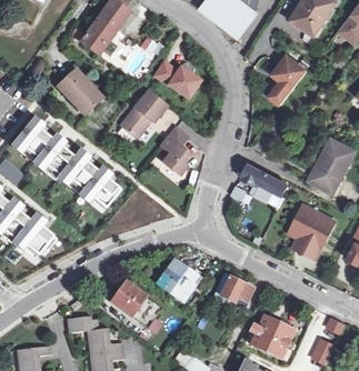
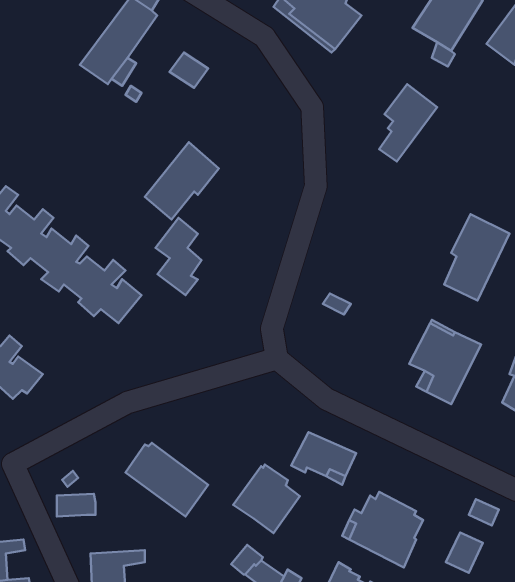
building: [157,62,201,99] -> none
building: [62,70,104,116] -> none
building: [163,128,192,177] -> [156,218,201,295]
building: [242,163,288,199] -> none
building: [158,258,200,301] -> [233,464,300,533]
building: [86,325,122,351] -> none

